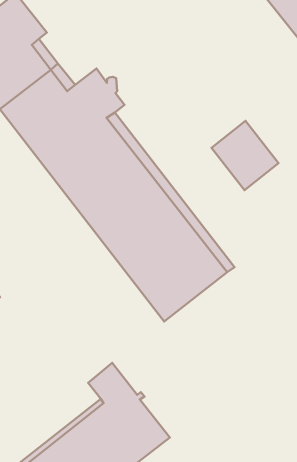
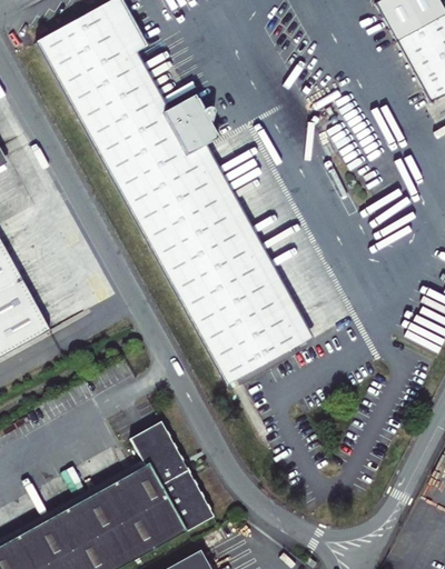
building: [212,121,278,190] -> none

